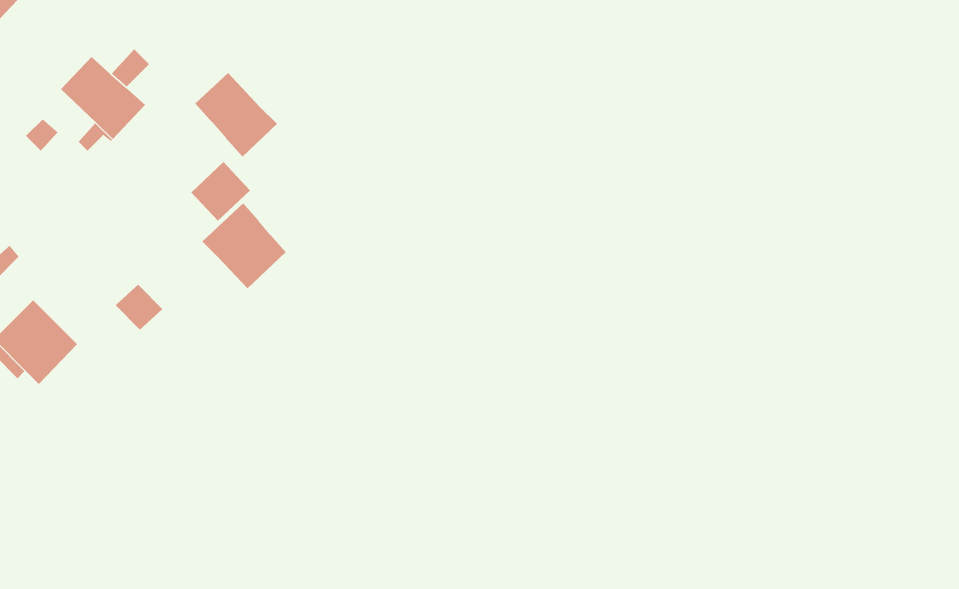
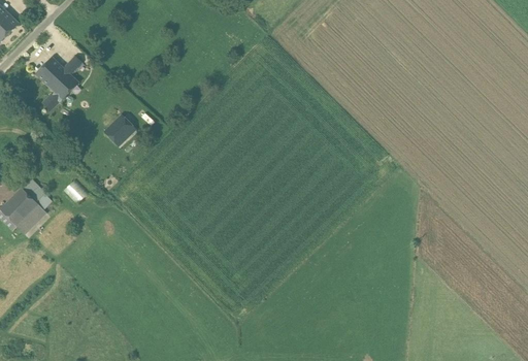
building: [195,72,278,157] -> none
building: [202,202,287,289] -> none

